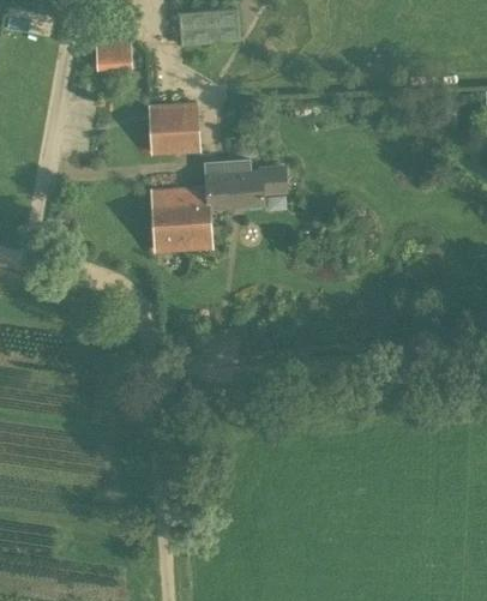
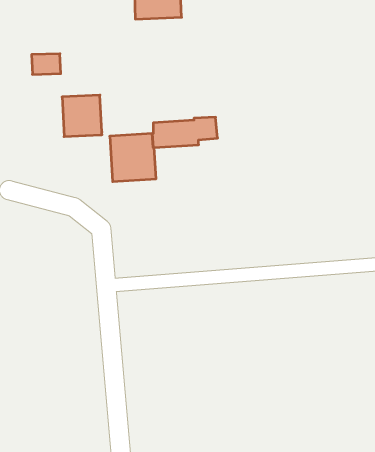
building: [97,40,134,66] -> [32,54,61,74]
building: [148,102,198,155] -> [62,95,102,137]

